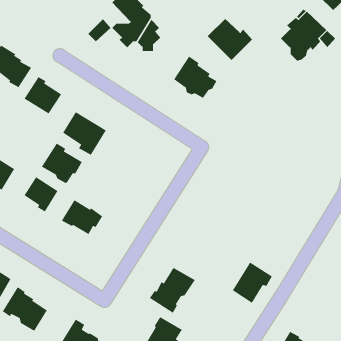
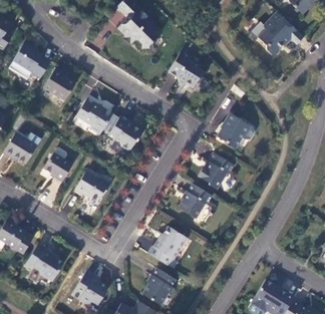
building: [207,18,253,61] -> none
building: none -> [216,113,254,147]
building: [41,143,83,184] -> [107,114,142,148]
building: none -> [198,151,234,189]
building: [232,262,273,304] -> [178,183,212,218]

